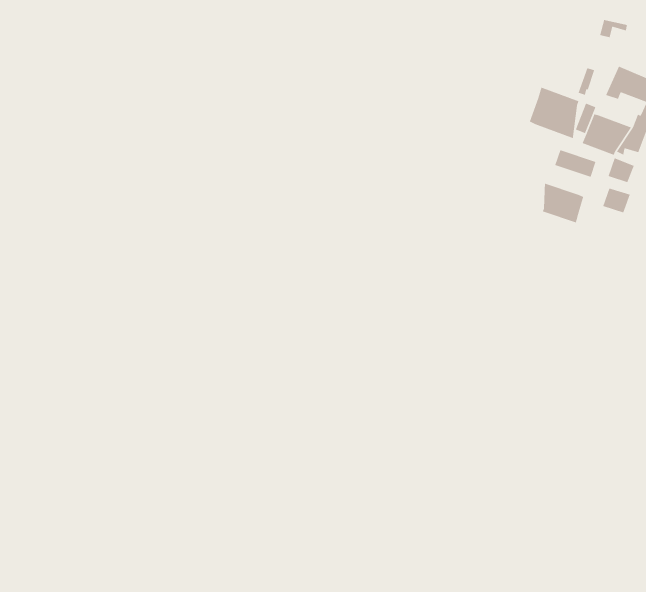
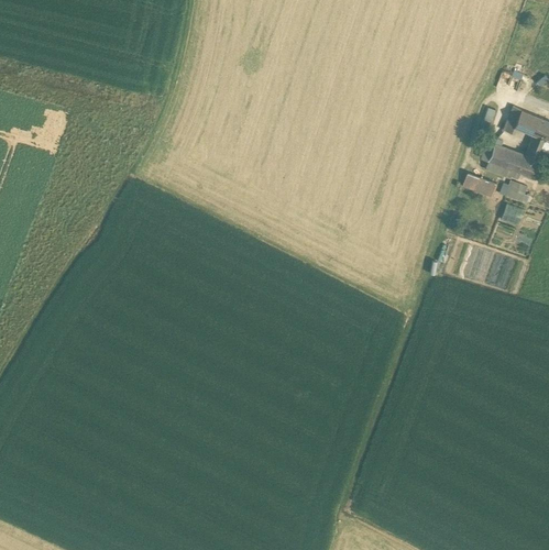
building: [529,86,580,139] -> none
building: [542,183,584,223] -> none

